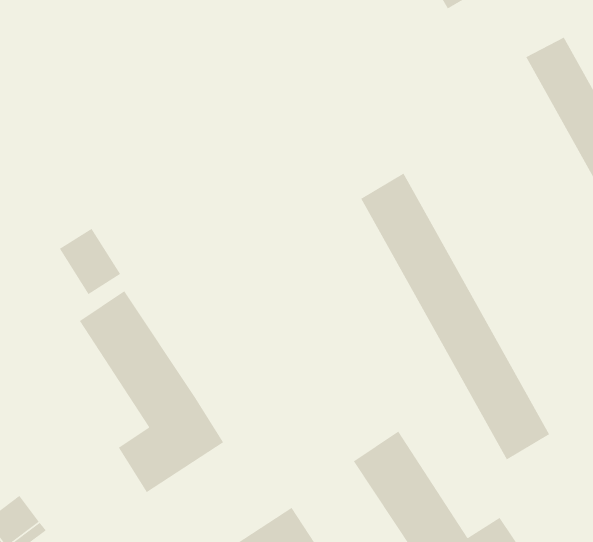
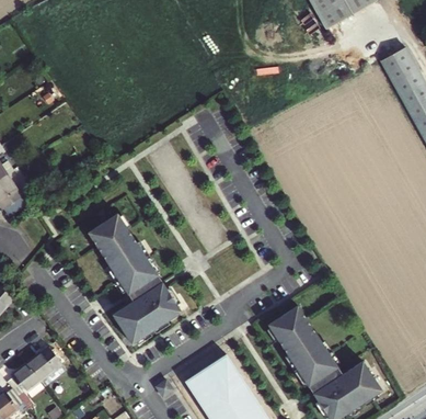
building: [360,172,550,461] -> none
building: [59,228,121,295] -> none

